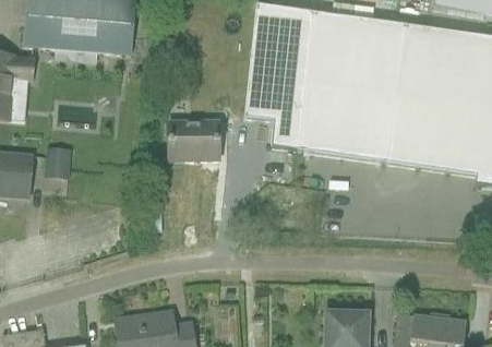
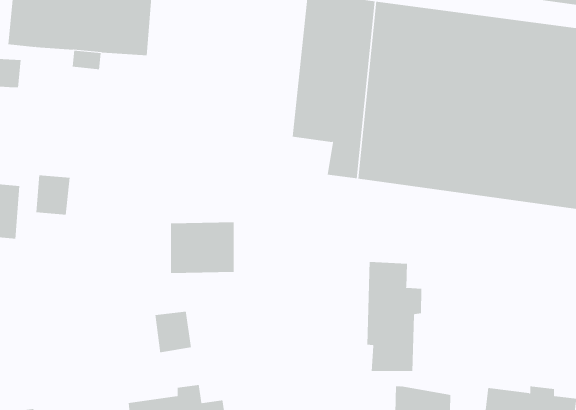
building: [169,120,219,160] -> [170,222,235,274]
building: none -> [367,261,422,372]
building: none -> [155,311,191,353]

